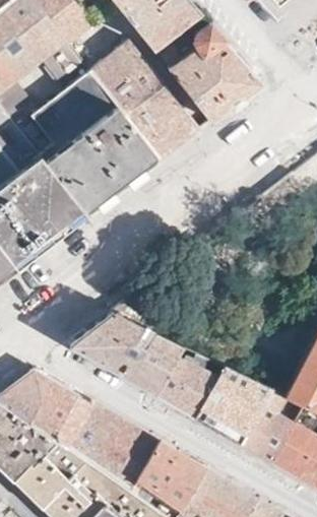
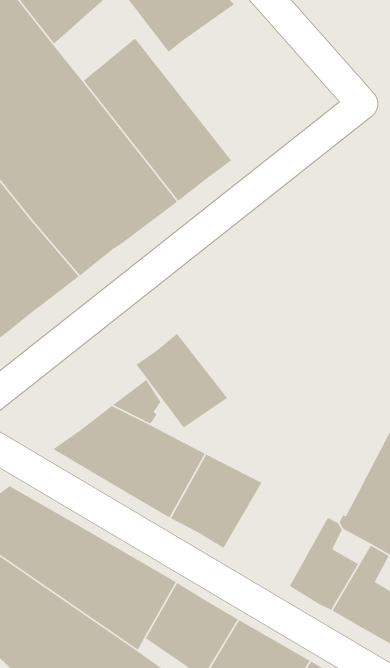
building: [153,25,264,124] -> none
building: none -> [136,333,228,428]
building: [194,368,270,444] -> none

